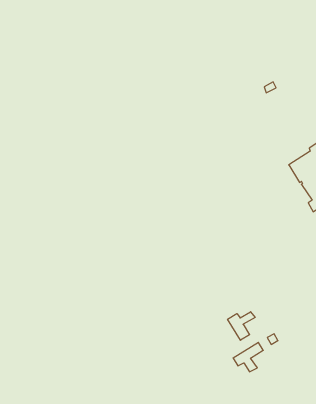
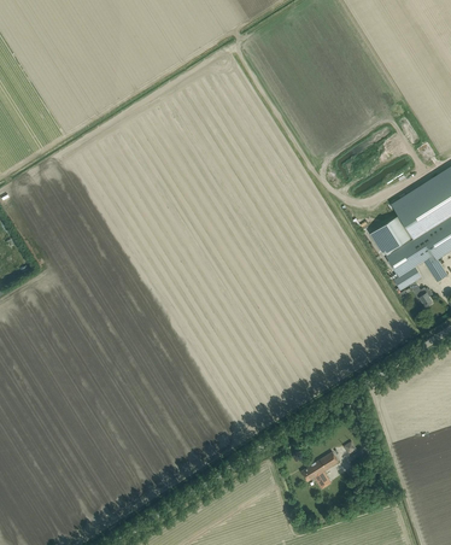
building: [228,312,255,340] -> none

